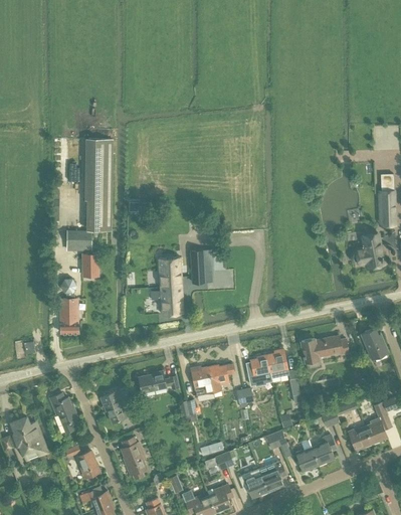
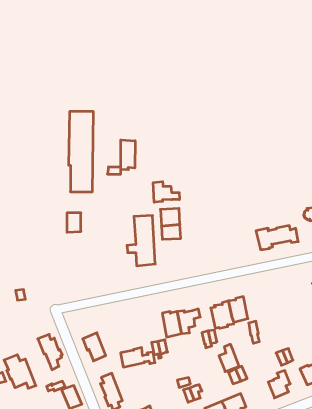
building: none -> [121,140,135,170]
building: none -> [153,182,179,202]
building: [66,231,91,246] -> none
building: [60,279,78,333] -> none
building: [300,336,349,363] -> [256,226,298,249]
building: [139,371,178,393] -> [121,348,155,367]
building: [295,441,319,472] -> [219,344,239,372]

